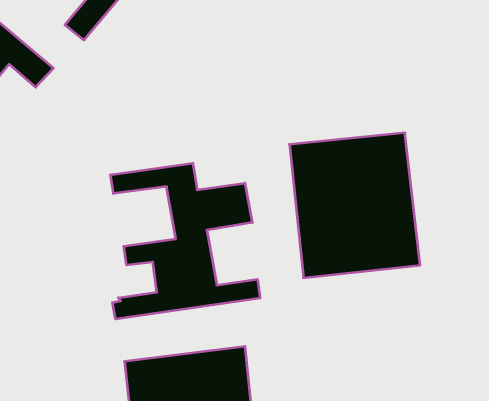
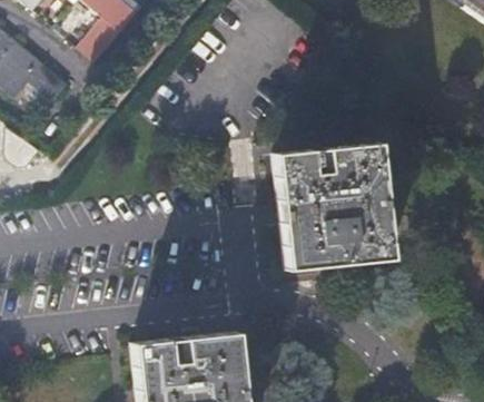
building: [111,163,260,319] -> none

